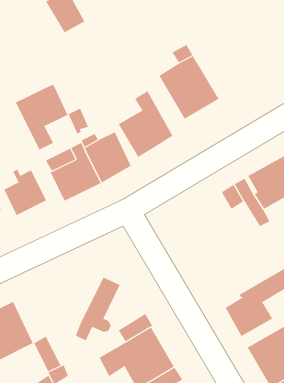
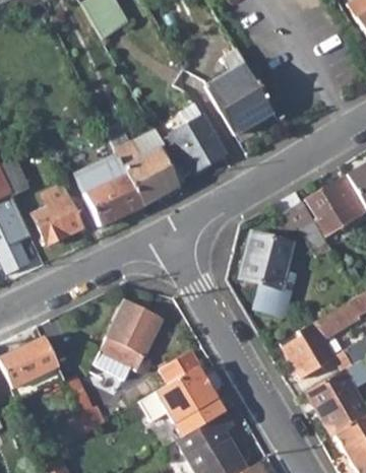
building: [15,84,68,150] -> none
building: none -> [240,232,297,318]
building: none -> [94,300,144,376]

